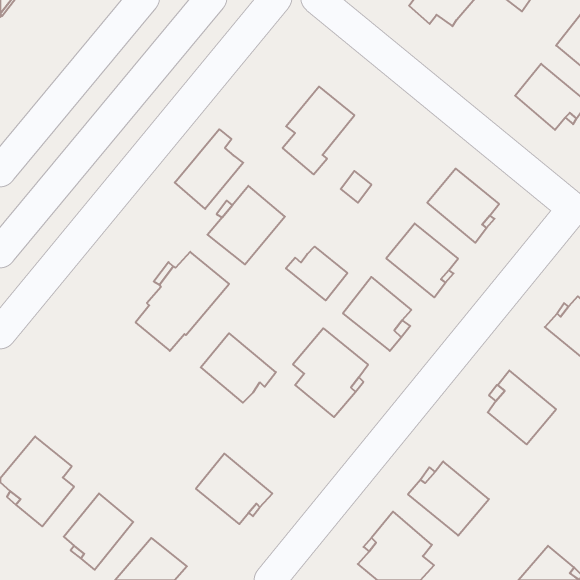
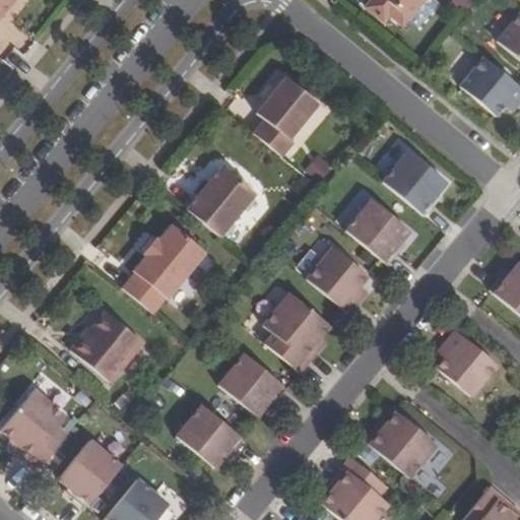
building: [175,129,243,209] -> none
building: [286,247,347,300] -> none
building: [201,333,276,403] -> [219,353,286,415]
building: none -> [72,312,144,383]

